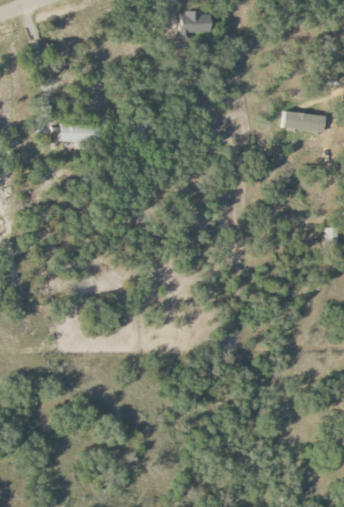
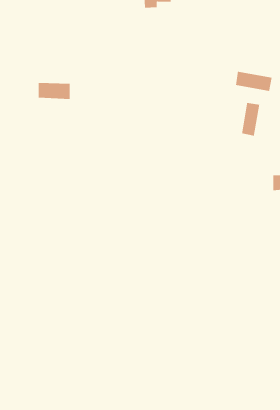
building: none -> [242,102,260,137]

